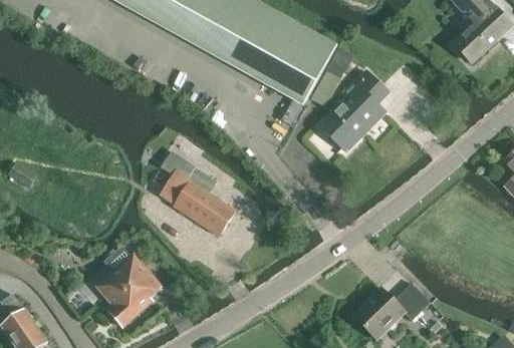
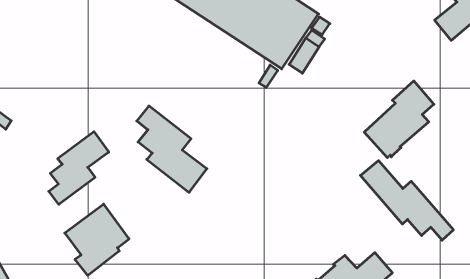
building: [319,69,388,148] -> [364,81,434,158]
building: none -> [49,132,109,204]
building: none -> [360,161,453,240]

